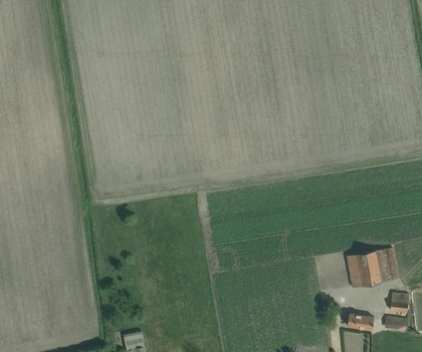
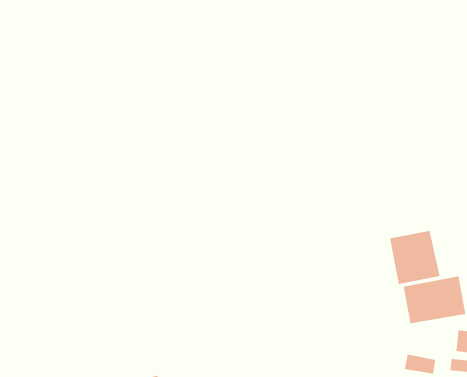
building: none -> [390,230,440,285]

